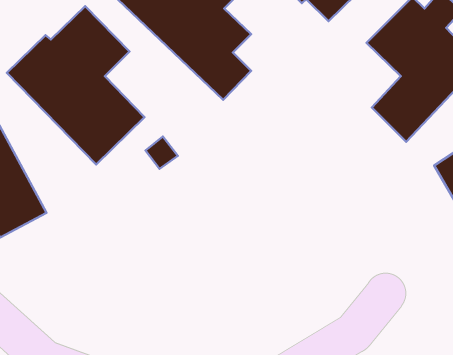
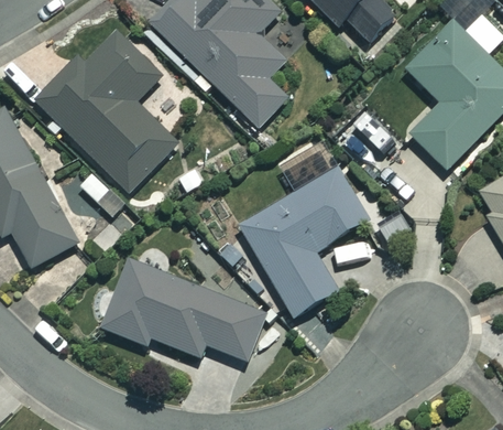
building: none -> [240,169,369,315]
building: none -> [102,260,270,362]

